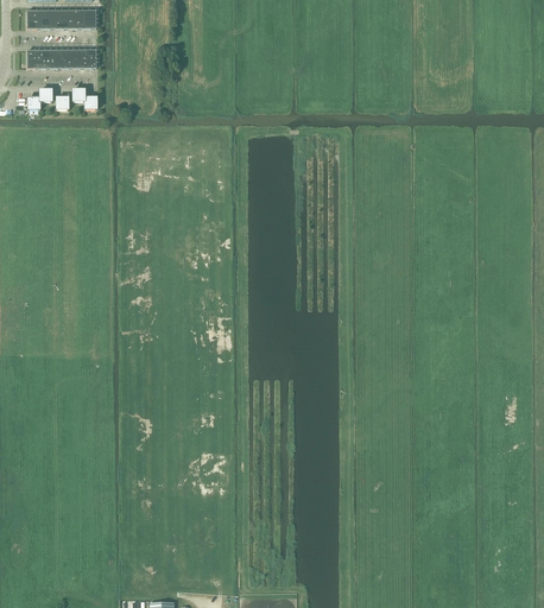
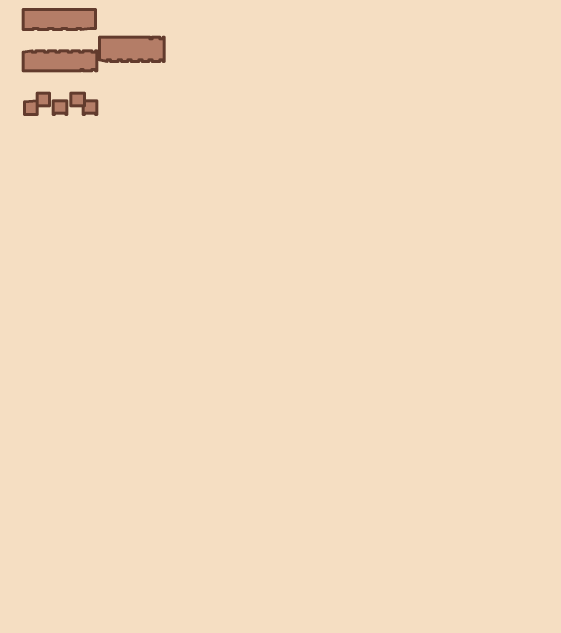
building: none -> [100,37,164,62]

